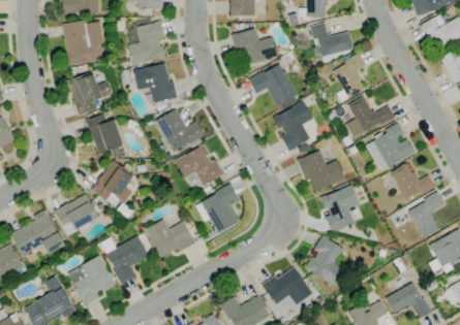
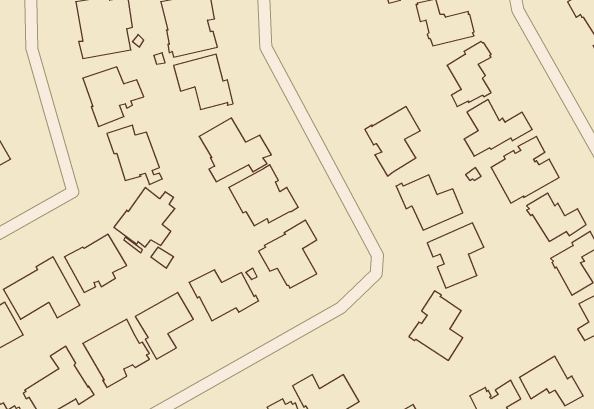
building: [231,29,277,65] -> none
building: [248,64,297,109] -> none
building: [262,267,312,314] -> none

